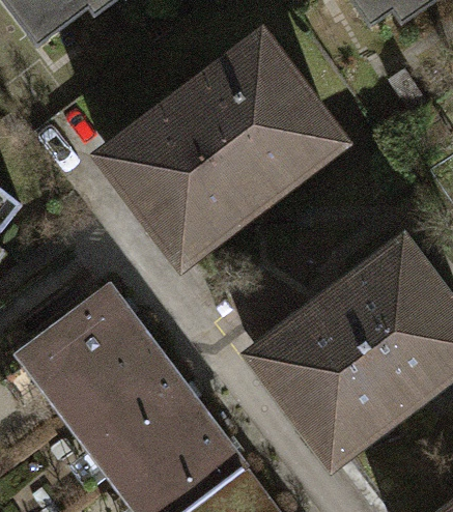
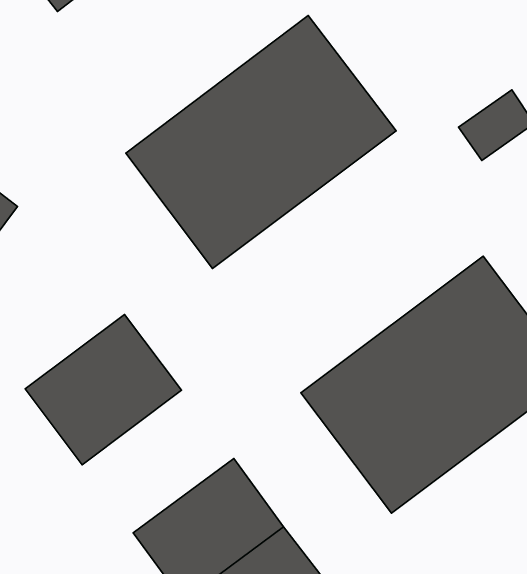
building: [70,355,197,475] -> none

